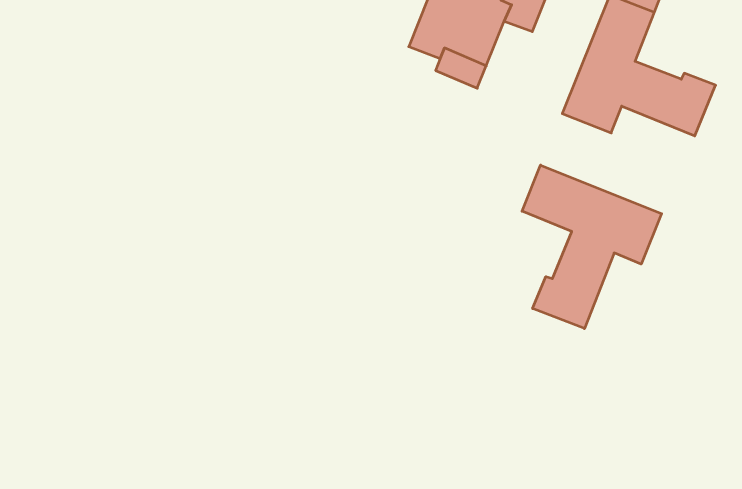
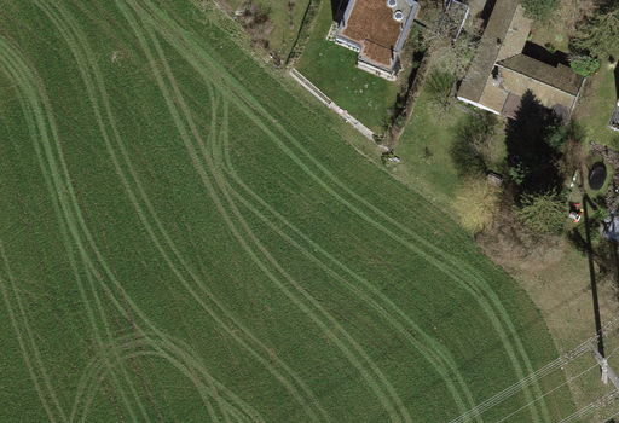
building: [522,165,662,329] -> none

